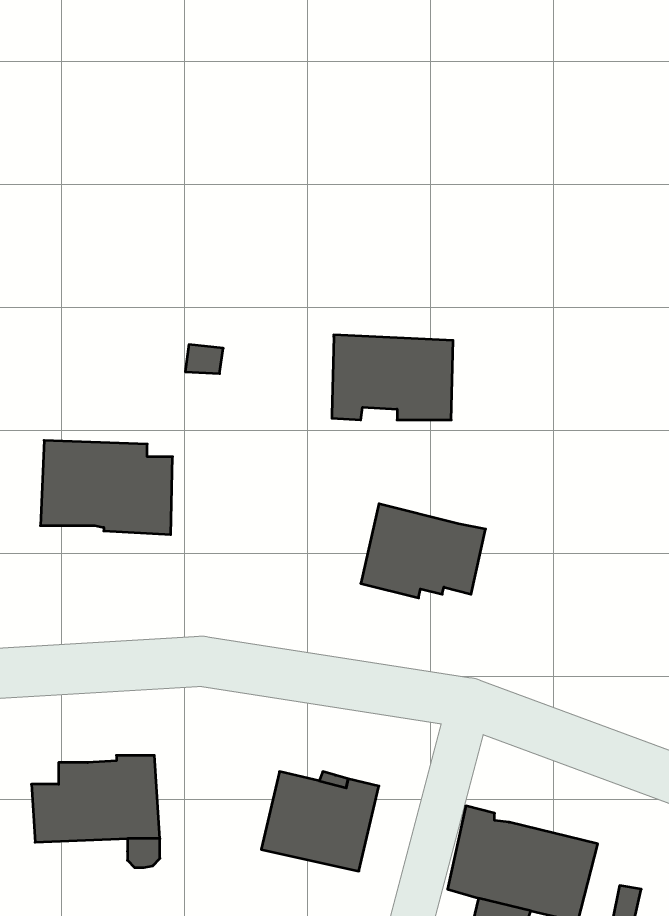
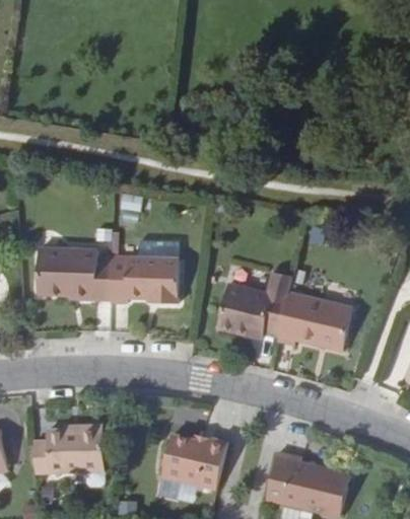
building: [332,335,453,420] -> [111,255,179,303]
building: none -> [277,292,352,351]

